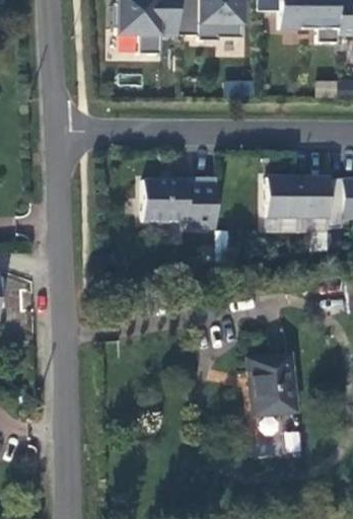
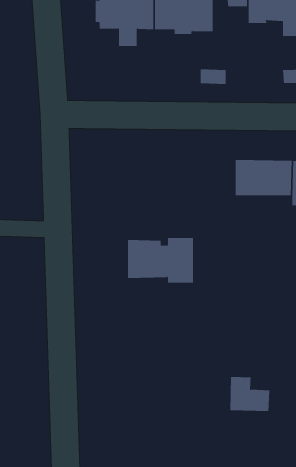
building: [144,177,217,227] -> [127,238,194,283]
building: [250,354,298,413] -> none

